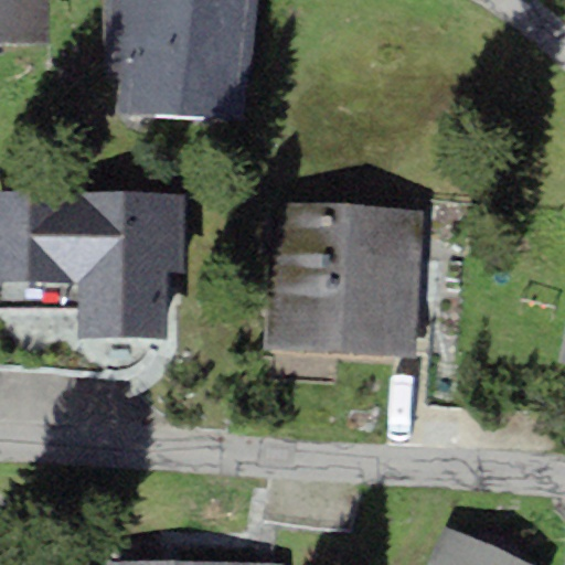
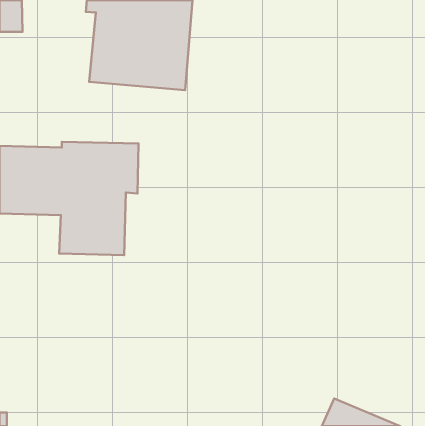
building: [262,201,423,358] -> none

